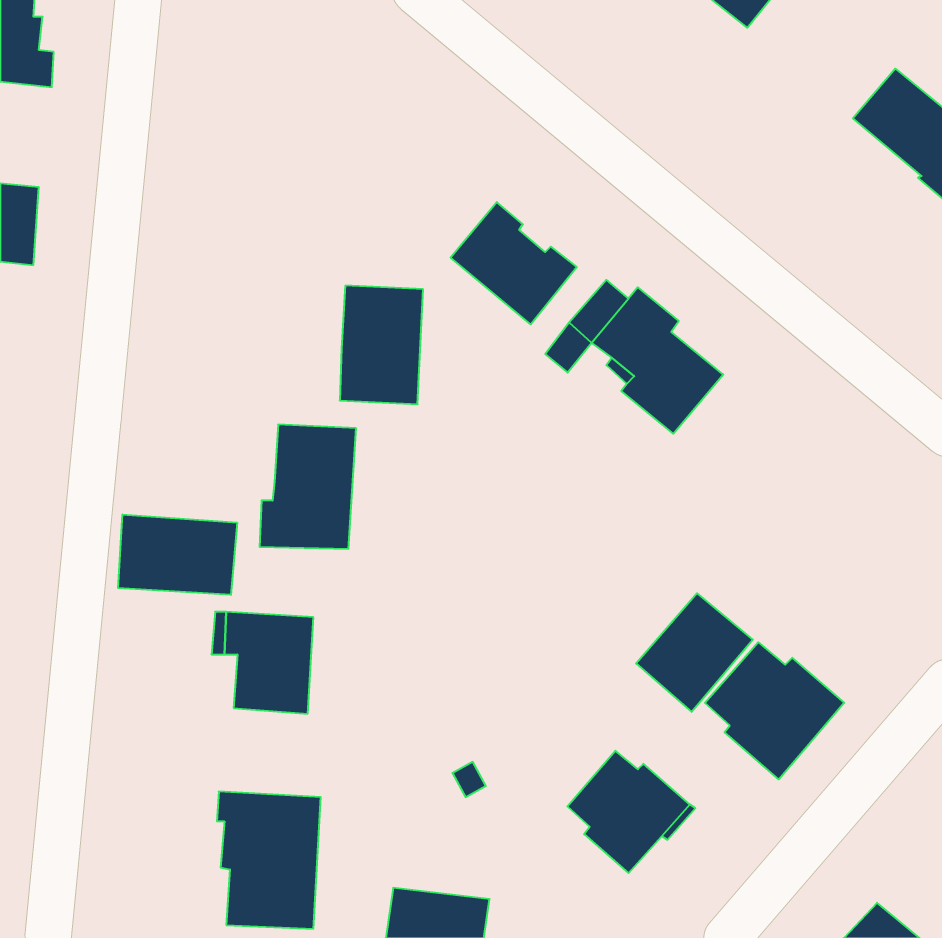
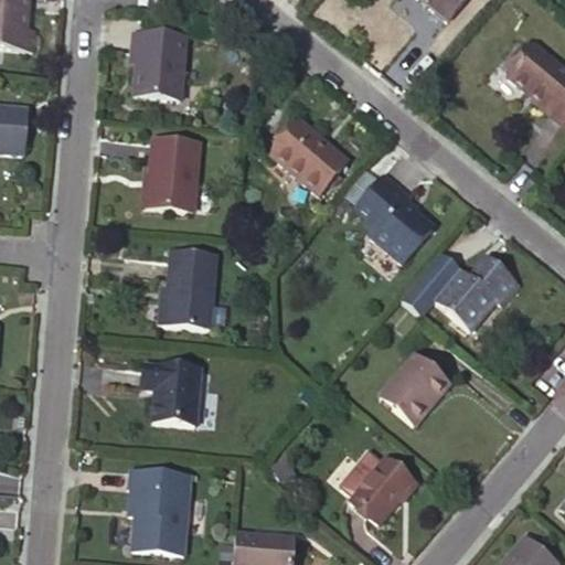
building: none -> [129,36,182,103]
building: [340,286,423,404] -> [145,138,194,209]
building: none -> [403,250,523,328]
building: [118,514,237,595] -> none
building: [705,642,844,779] -> none

